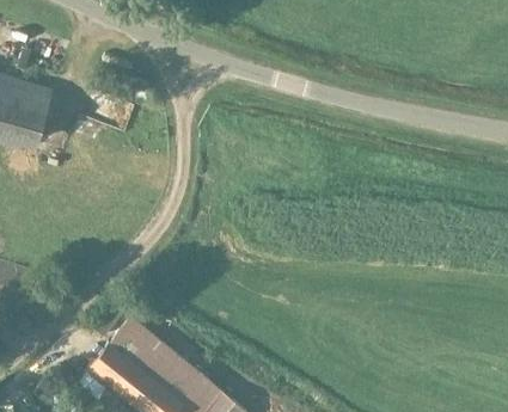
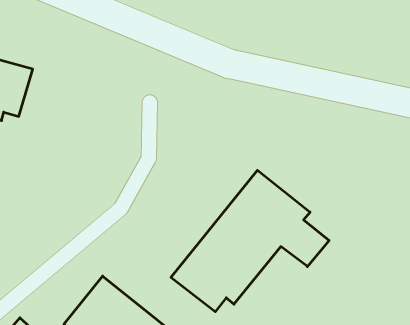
building: none -> [171,170,329,312]

